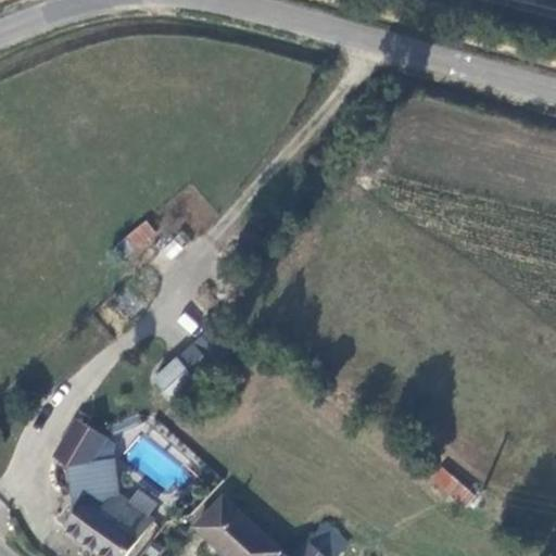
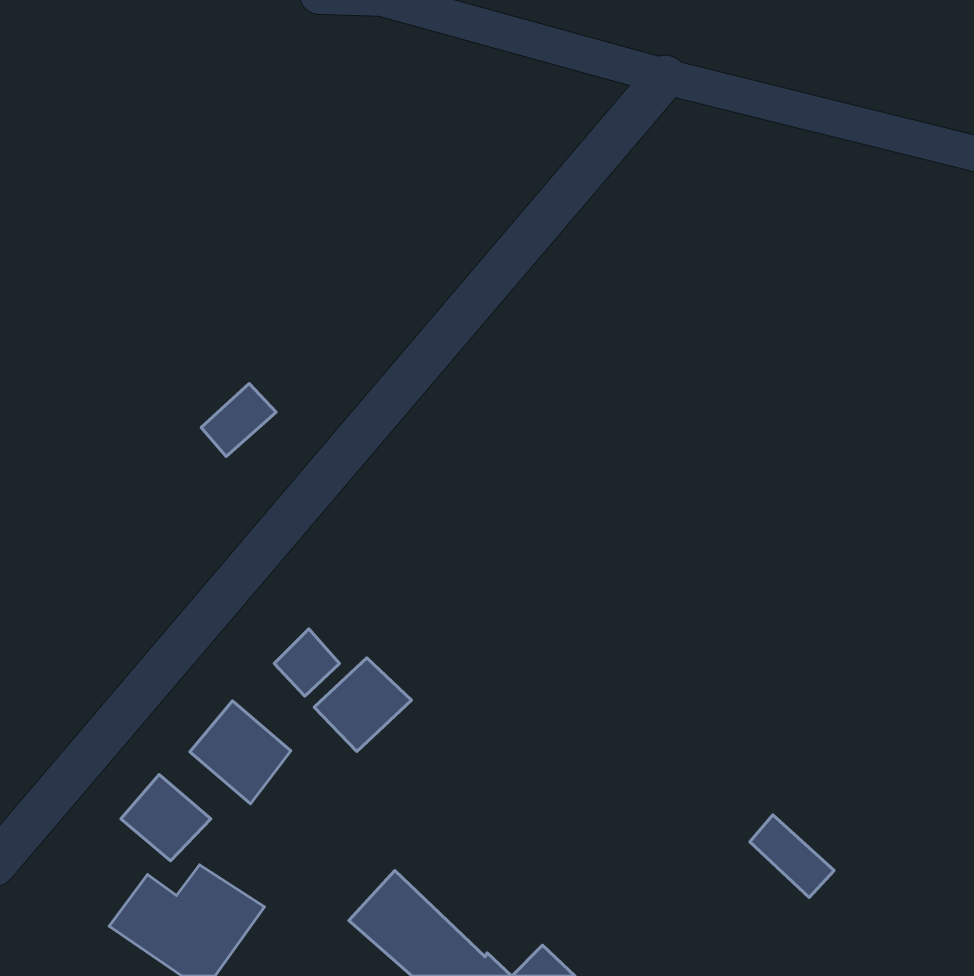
building: none -> [314,658,411,751]
building: none -> [190,701,291,804]

